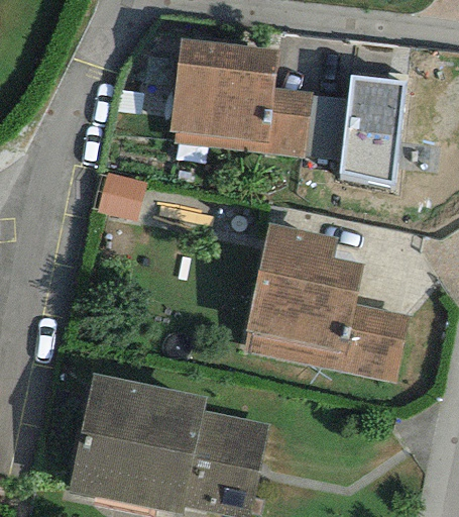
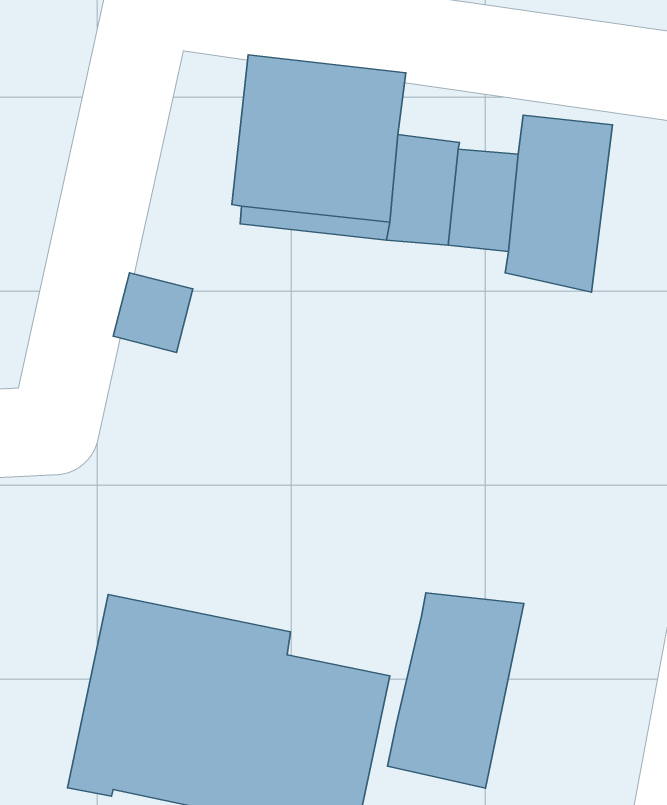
building: [245,224,410,384] -> none
building: none -> [387,593,524,788]

